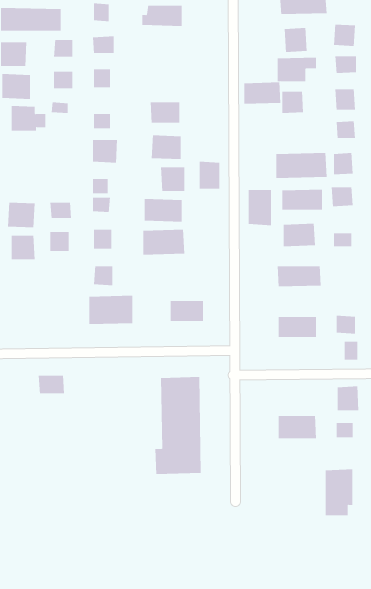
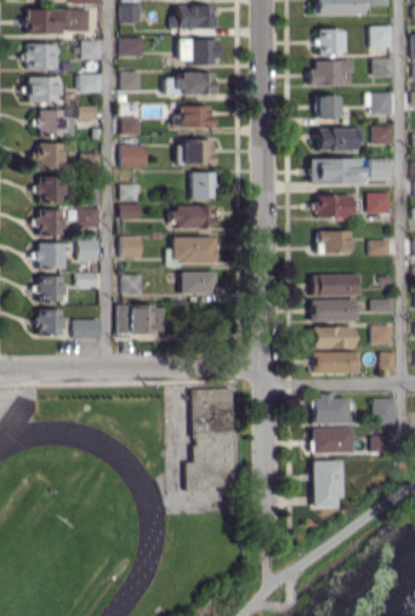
building: none -> [180,39,218,64]
building: none -> [175,73,214,93]
building: [244,82,281,104] -> [318,127,357,150]
building: none -> [34,143,63,169]
building: [199,161,220,190] -> none
building: none -> [38,177,63,203]
building: [248,189,272,226] -> none
building: none -> [40,275,63,302]
building: none -> [312,300,358,321]
building: none -> [36,309,62,335]
building: [170,300,204,322] -> [181,272,216,293]
building: none -> [312,352,358,373]
building: [38,375,65,394] -> [74,319,102,338]
building: none -> [314,394,349,423]
building: [325,469,353,516] -> [313,460,342,508]

